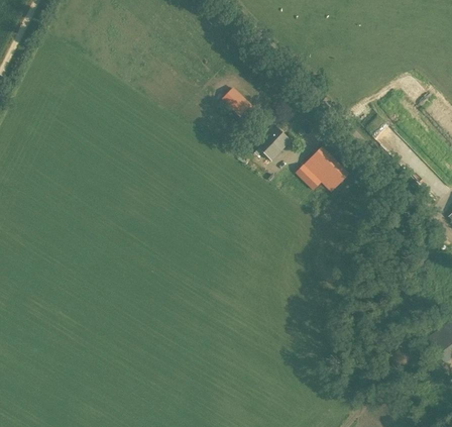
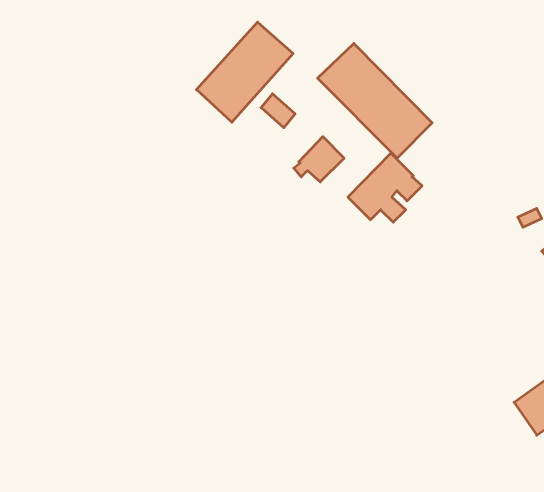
building: none -> [196,22,293,122]
building: none -> [318,43,432,158]

